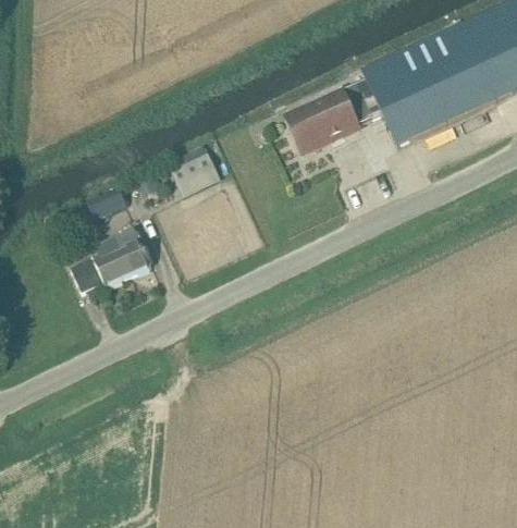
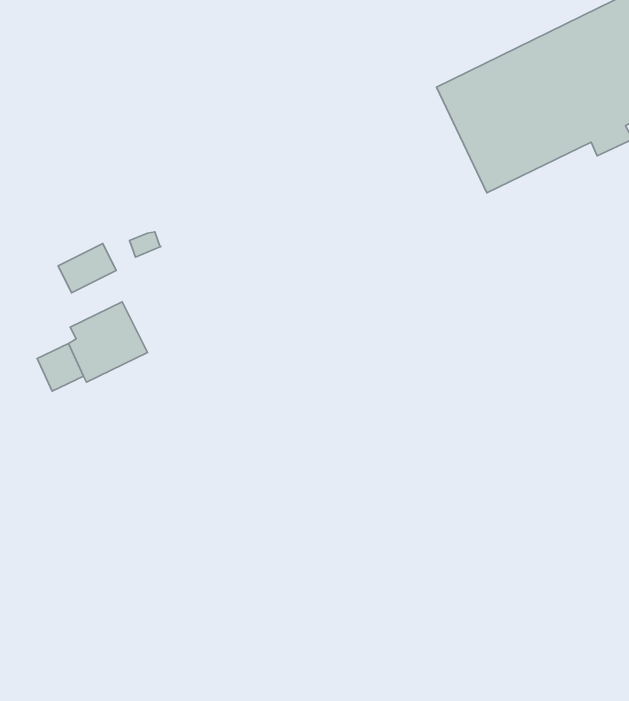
building: [285,71,401,154] -> none
building: [172,145,220,195] -> none

